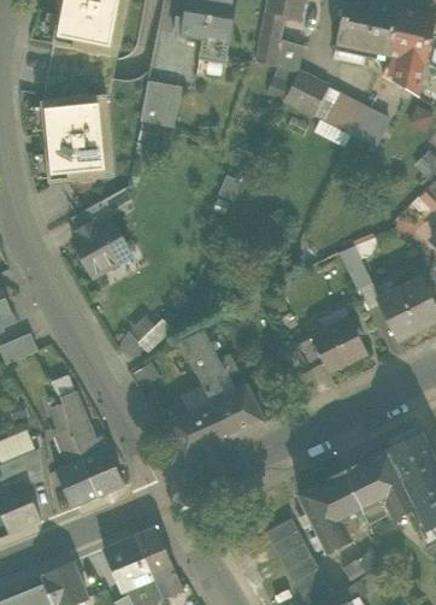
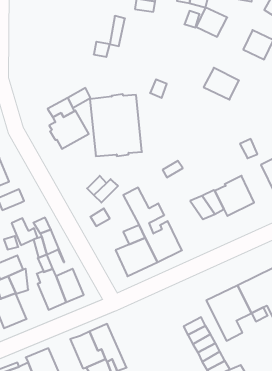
building: [141,80,167,124] -> none
building: [314,86,365,131] -> [204,68,239,100]
building: [40,93,114,182] -> [90,94,142,156]
building: [70,419,107,458] -> [12,218,38,245]

